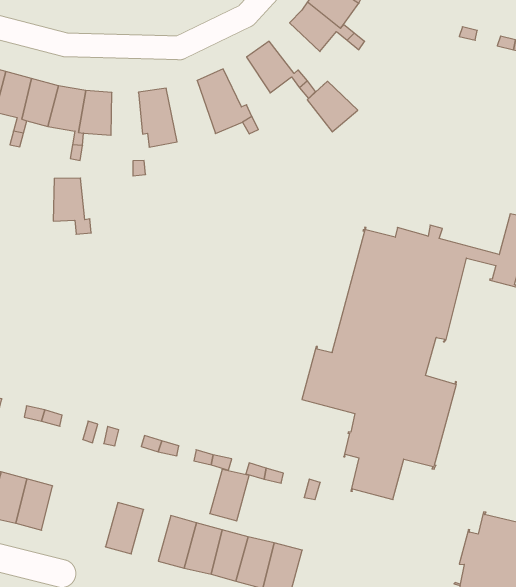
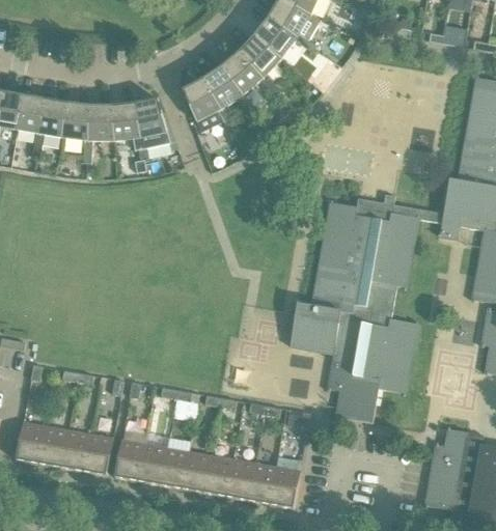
building: none -> [203,66,244,108]
building: [307,81,358,132] -> [240,35,282,77]
building: [53,178,91,234] -> [113,103,147,149]
building: [210,469,249,521] -> [160,447,190,488]
building: none -> [84,434,114,475]
building: none -> [115,439,145,480]

